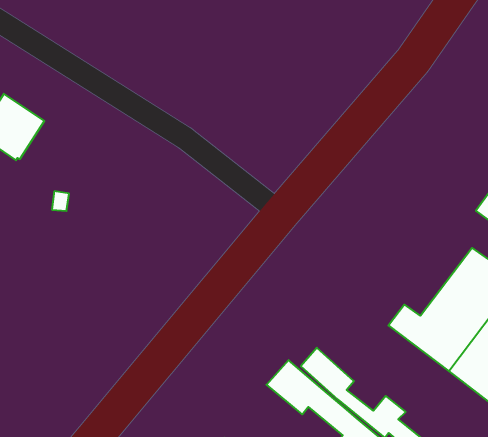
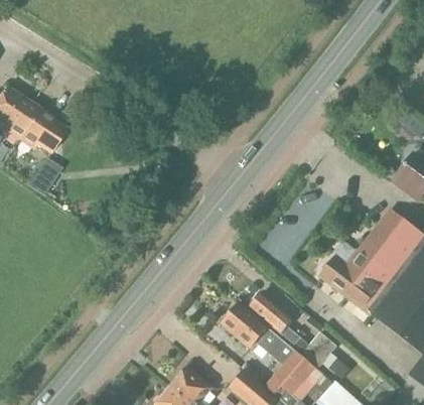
building: none -> [20,107,65,150]

